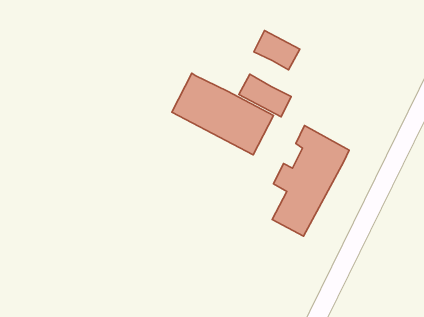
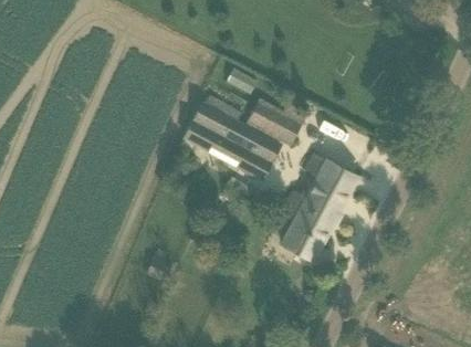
building: [254,30,300,70] -> none

